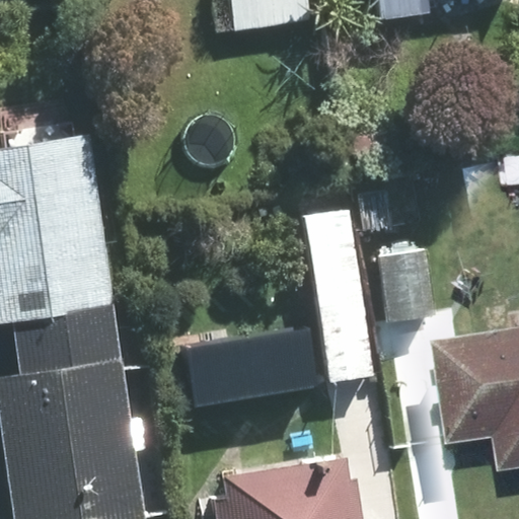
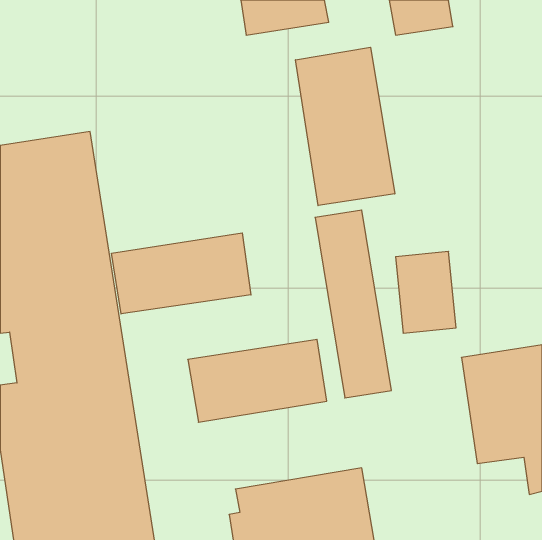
building: none -> [296,47,395,206]
building: none -> [112,233,251,314]

